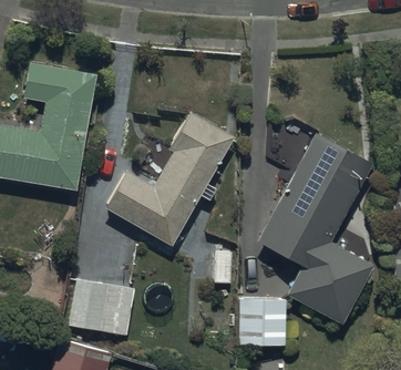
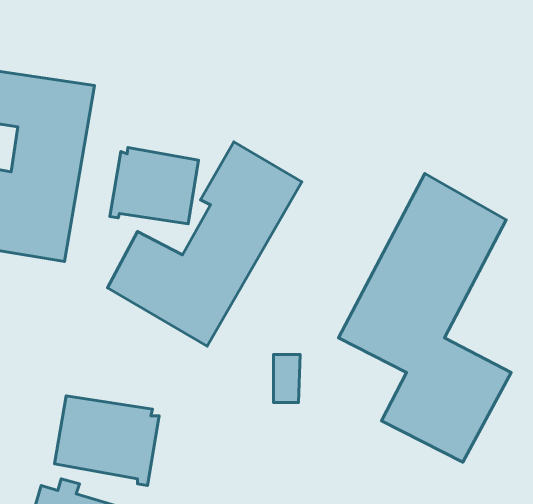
building: none -> [110,147,199,224]
building: [238,298,286,346] -> none

